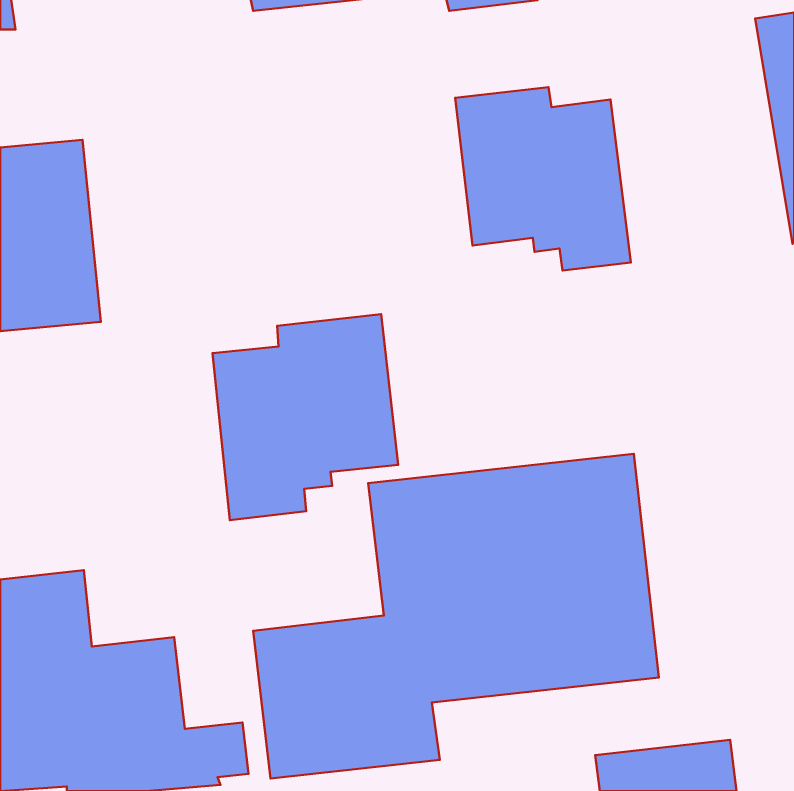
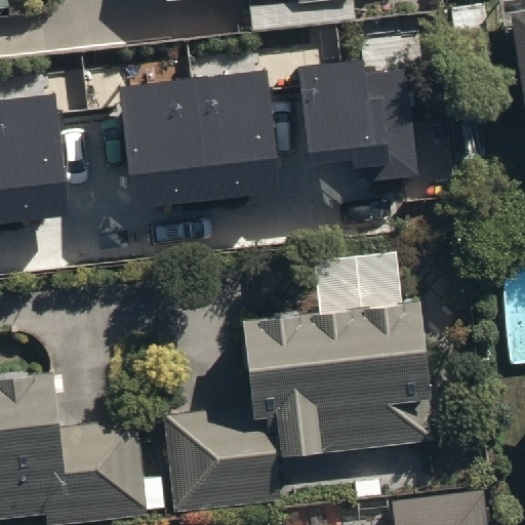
building: none -> [120,71,278,206]
building: [212,314,398,520] -> none

